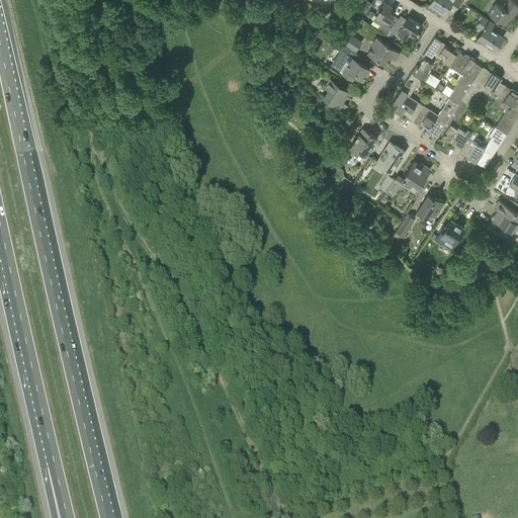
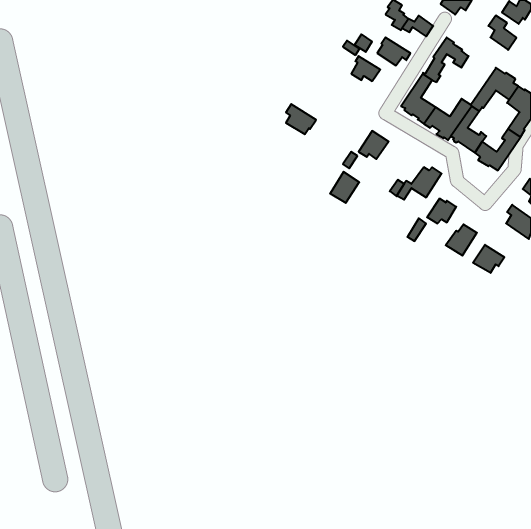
building: [448,54,483,104] -> none
building: [324,80,353,109] -> [286,104,316,134]
building: [376,144,405,174] -> [330,172,359,203]
building: none -> [473,245,504,273]

